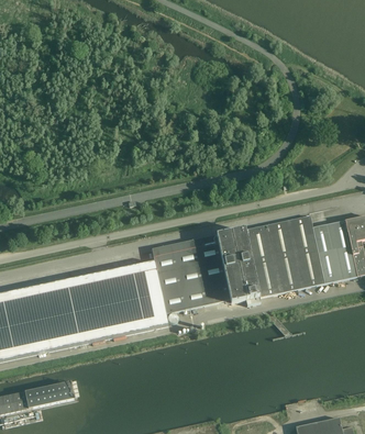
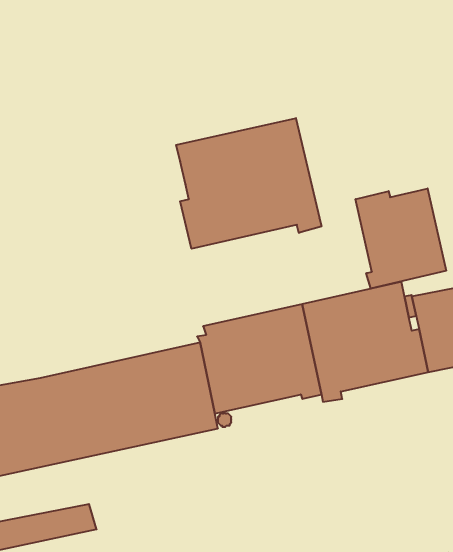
building: none -> [176,118,321,249]
building: none -> [356,188,446,289]

